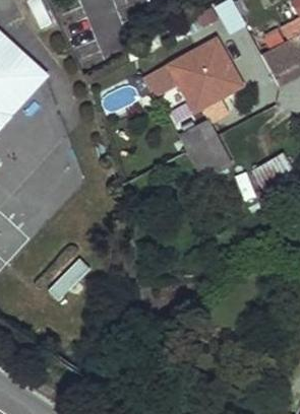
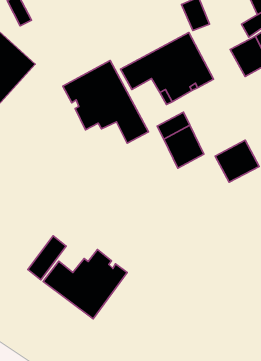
building: none -> [63,60,148,143]
building: none -> [43,249,127,319]

